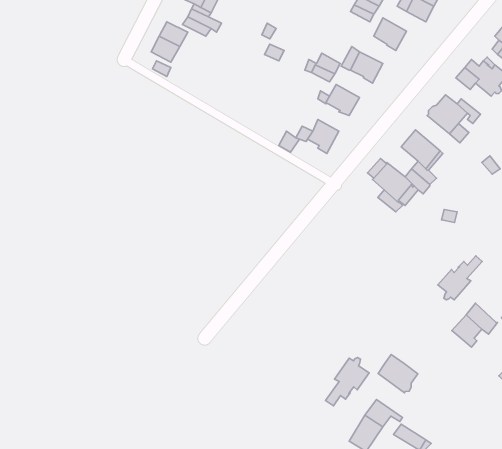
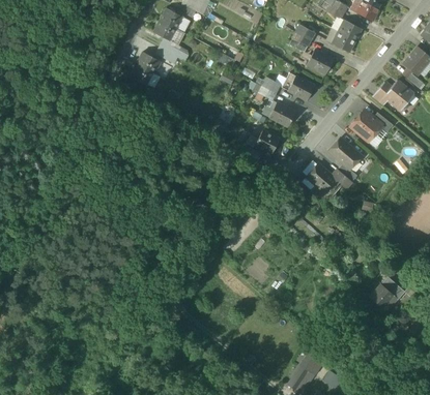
building: [438,256,482,300] -> none
building: [378,354,418,393] -> none
building: [326,358,369,406] -> none

